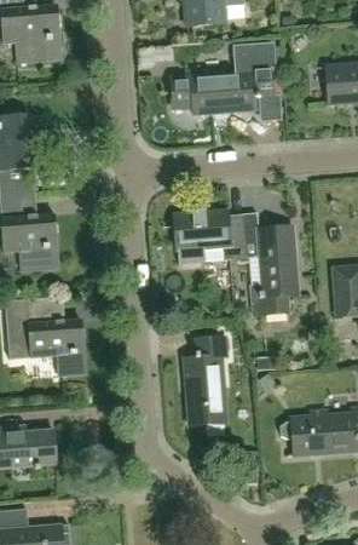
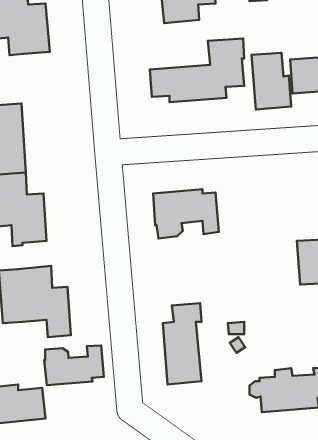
building: none -> [252,53,291,109]
building: [243,212,299,317] -> none
building: none -> [44,346,104,385]

